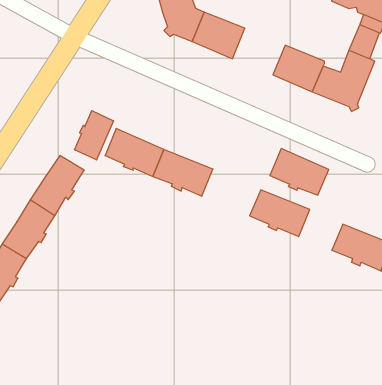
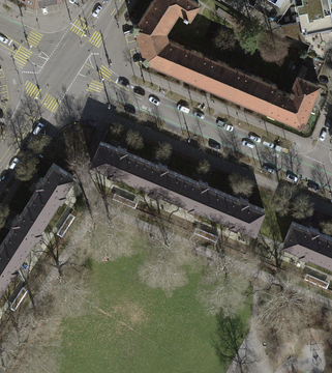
building: none -> [199,58,243,97]
building: [75,111,113,160] -> none
building: [270,149,329,195] -> [173,177,222,217]

